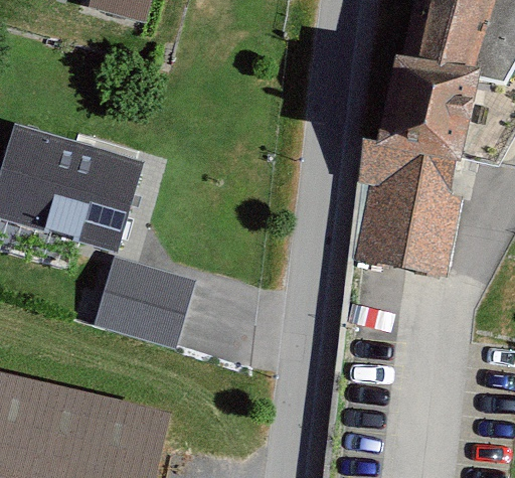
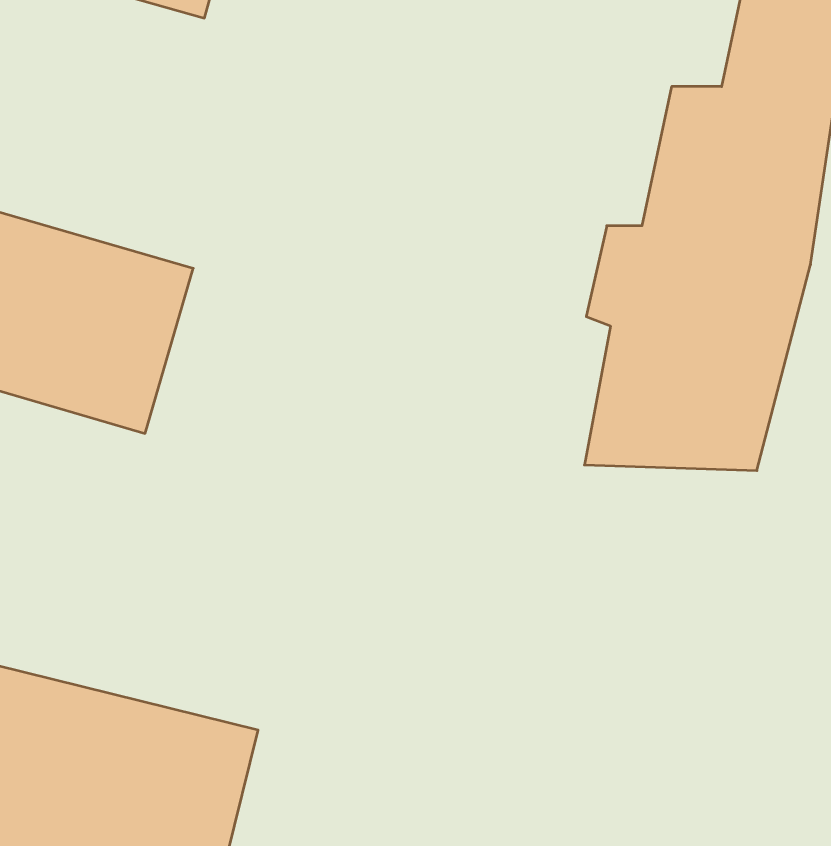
building: [94,259,192,348] -> none

